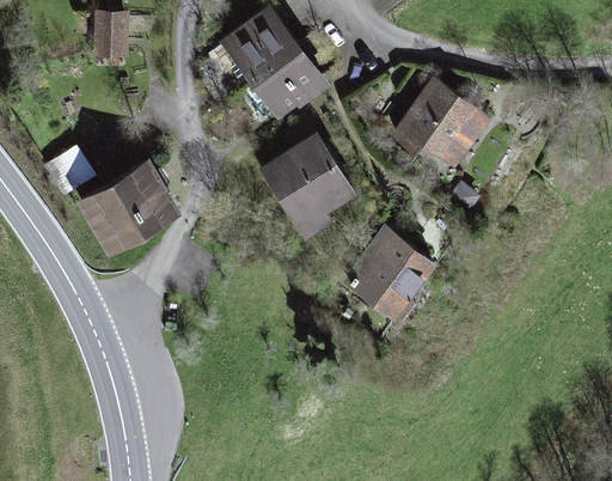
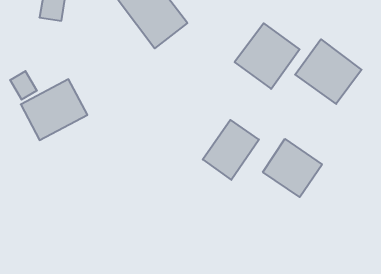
building: none -> [295,39,362,104]
building: [261,132,360,235] -> none
building: none -> [263,139,322,197]

